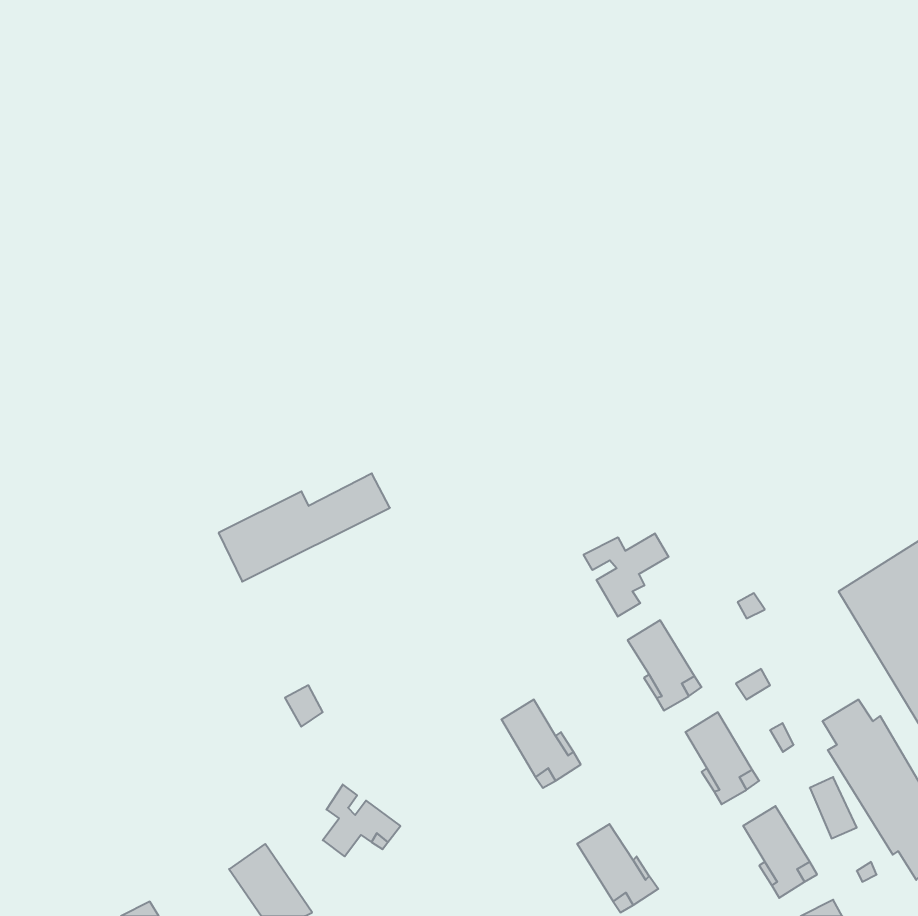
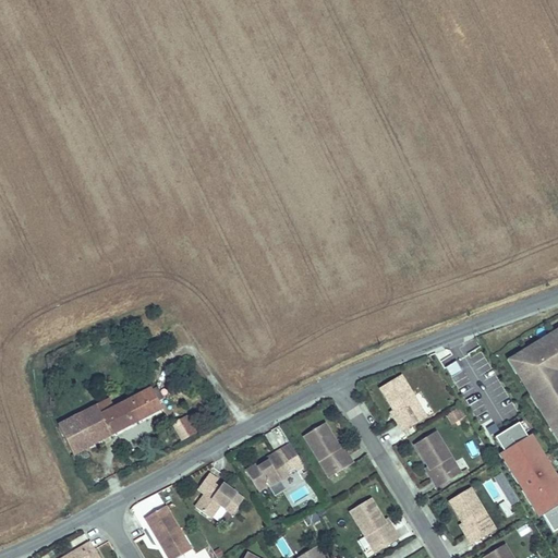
building: [219,473,390,582] -> [59,387,162,452]
building: [584,533,669,617] -> none
building: none -> [247,448,294,489]

